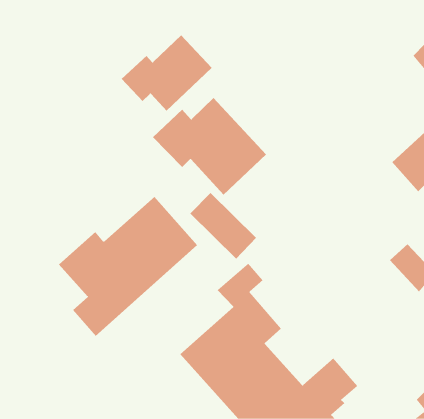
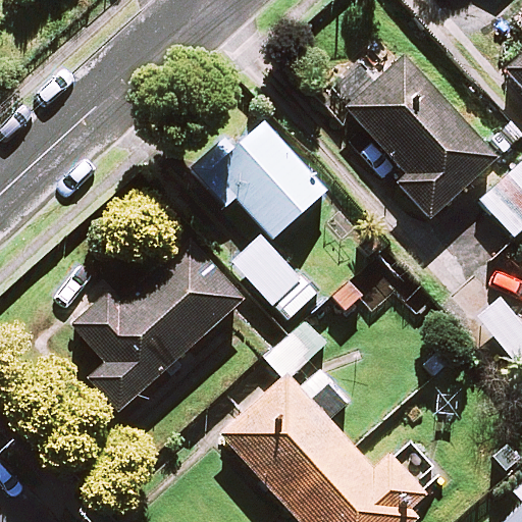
building: [121,35,212,112] -> none
building: none -> [325,56,499,221]

